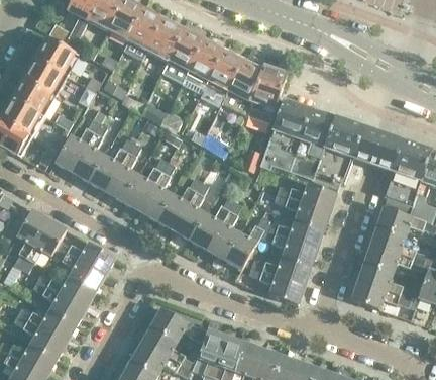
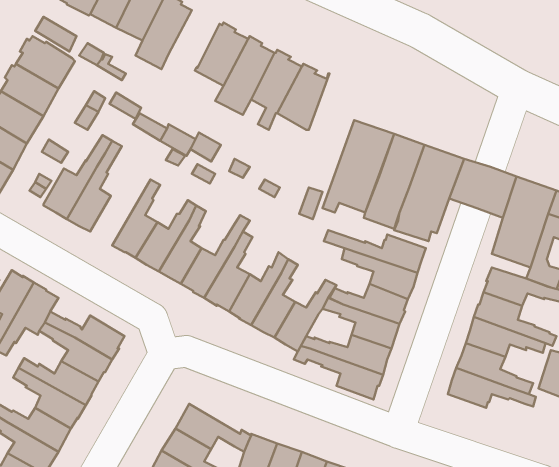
building: [146,17,184,61] -> none
building: [246,65,287,124] -> none
building: [89,138,133,191] -> none

